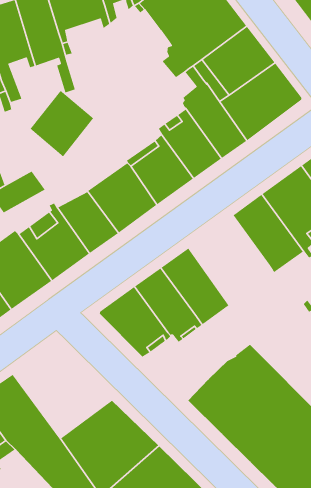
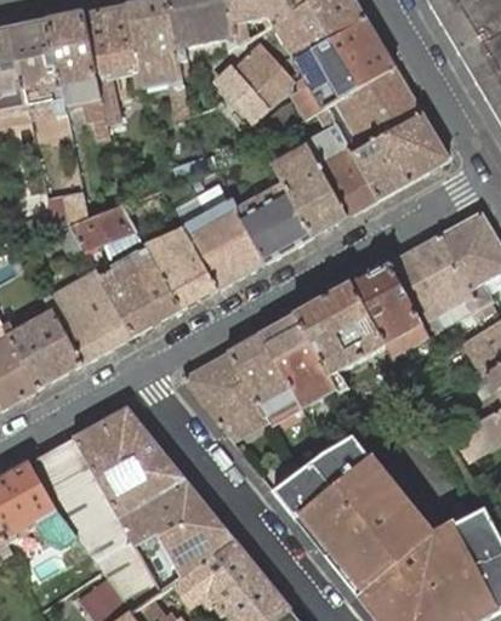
building: [29,90,94,157] -> [216,39,292,118]
building: none -> [296,281,387,392]
building: none -> [75,406,187,517]

